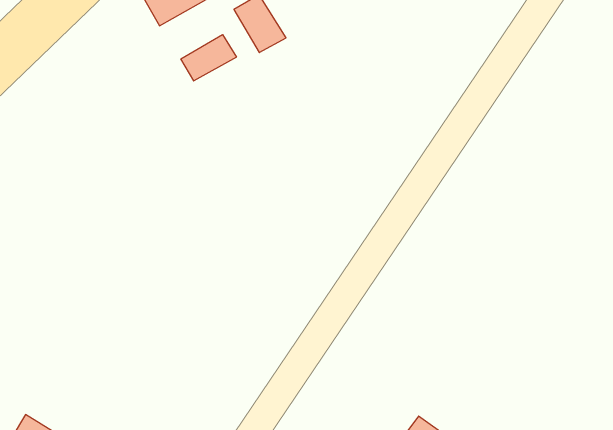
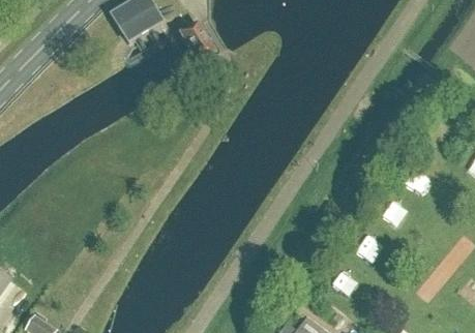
building: [181,35,236,81] -> none

